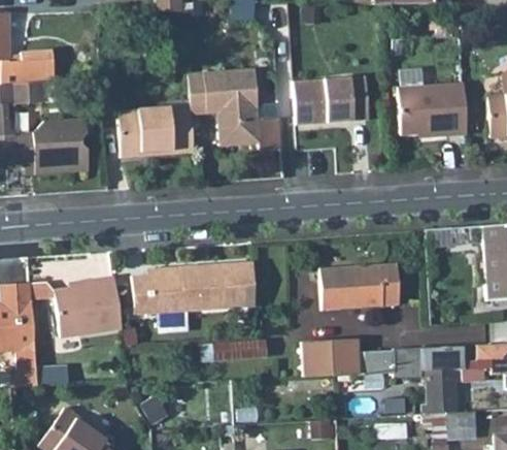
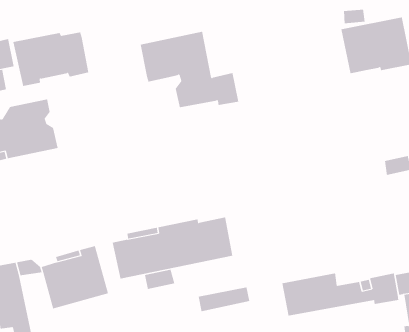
building: [293,76,368,125] -> none
building: [117,106,193,157] -> [13,32,89,86]
building: [319,262,399,310] -> none

